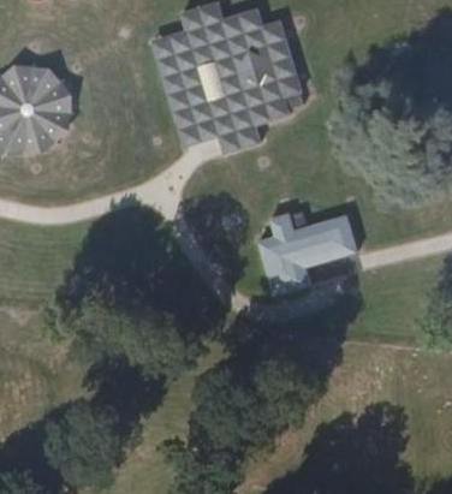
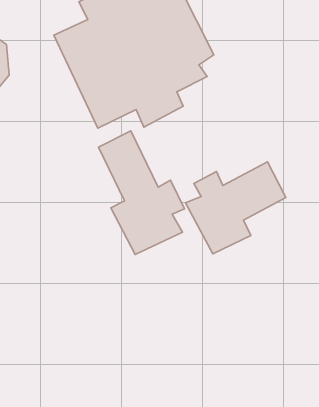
building: none -> [98,131,185,255]

